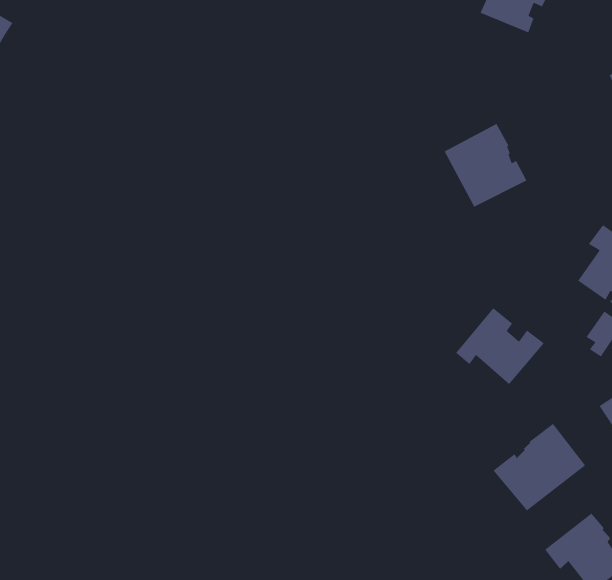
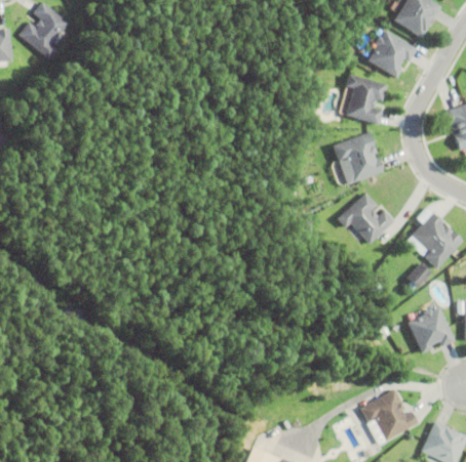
building: none -> [345,73,387,124]
building: [455,307,545,385] -> [336,193,394,244]
building: [492,423,586,511] -> none

